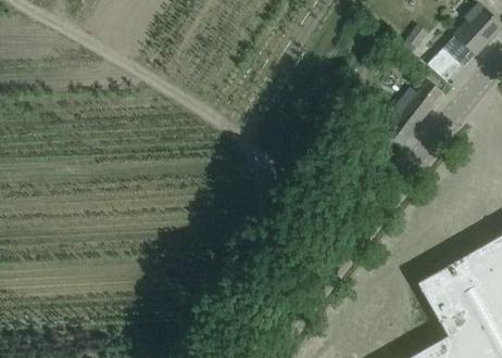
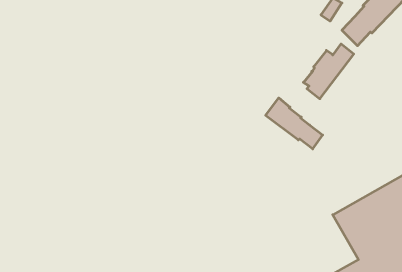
building: none -> [266,98,323,149]

